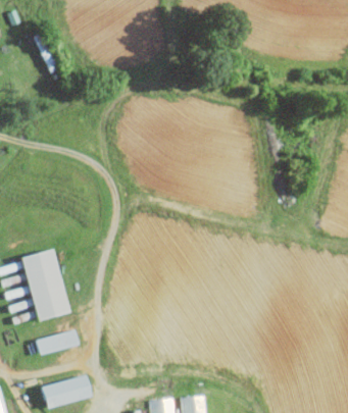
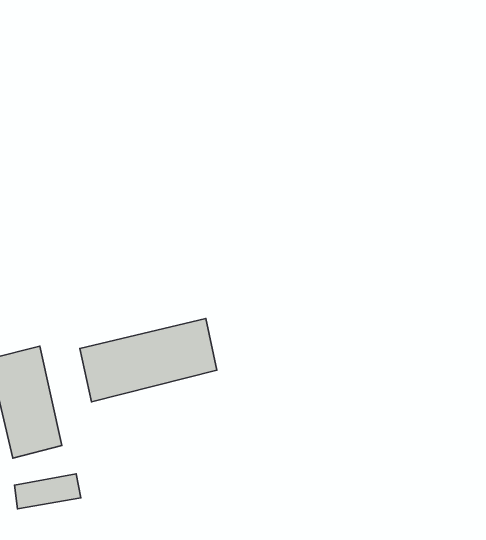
building: none -> [80,318,217,402]

